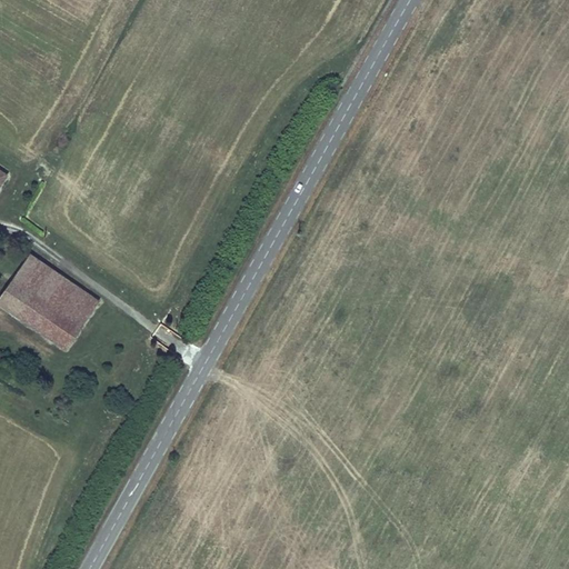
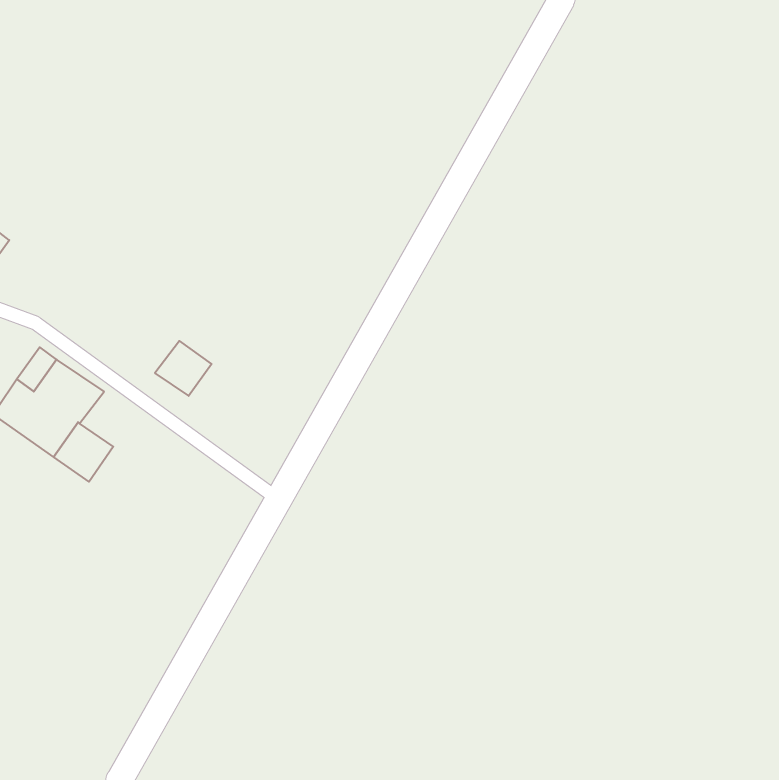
building: [58,284,99,325] -> [155,341,212,396]

